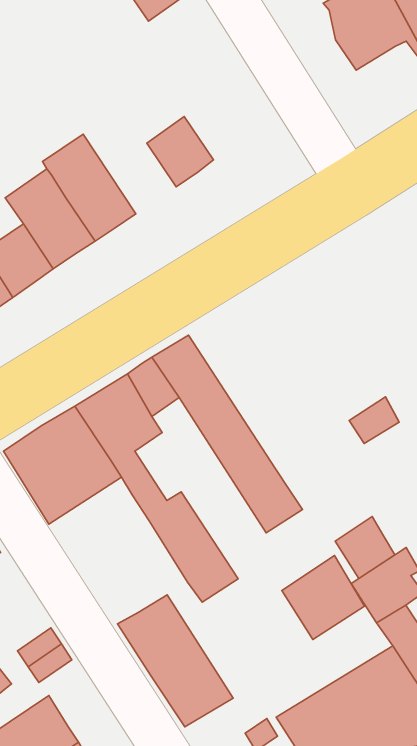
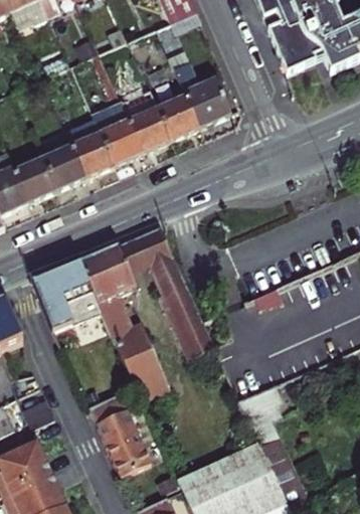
building: none -> [162,45,225,122]
building: none -> [115,79,168,148]
building: [335,517,395,578] -> none
building: [282,555,365,640] -> none

